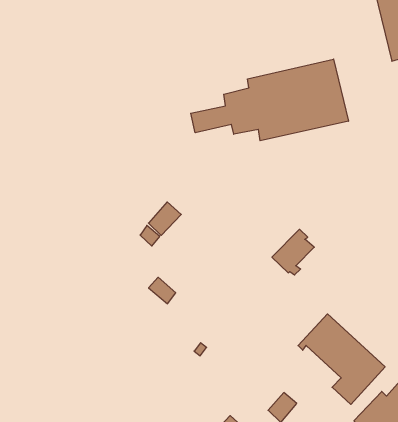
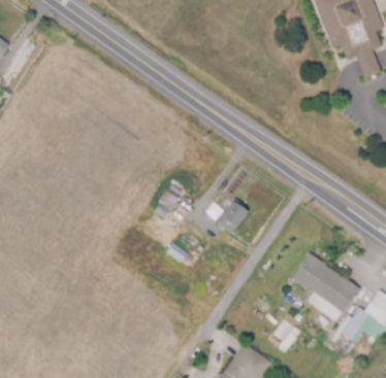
building: [191,59,348,141] -> none
building: [272,229,314,275] -> [217,199,249,235]

